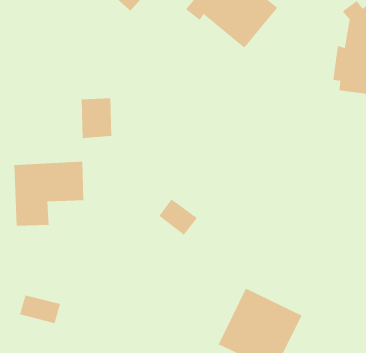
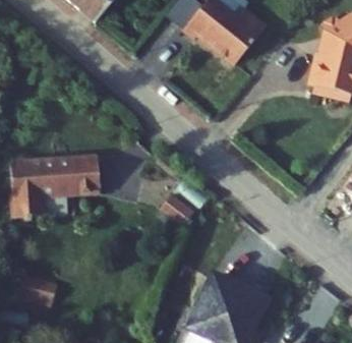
building: [81,98,112,139] -> [77,159,105,194]

